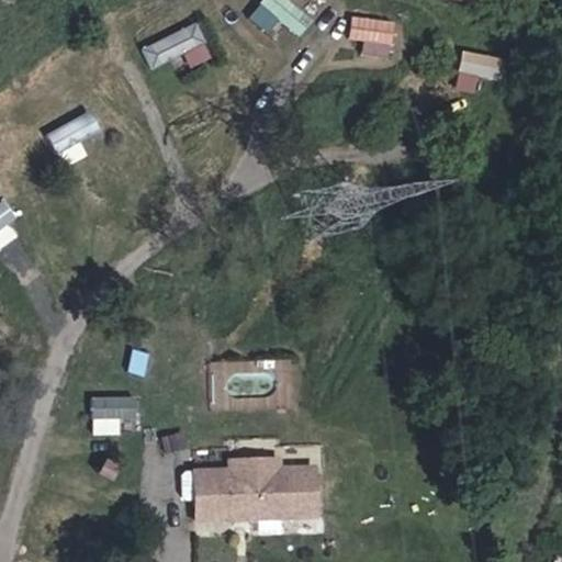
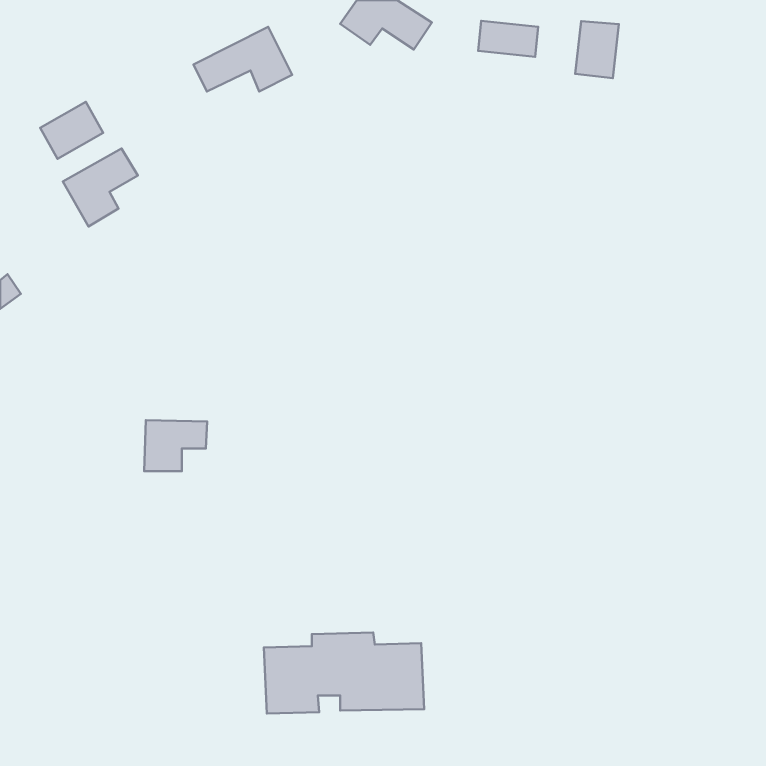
building: [457,50,488,92] -> [575,21,619,78]
building: none -> [40,102,103,159]
building: [91,395,137,432] -> [144,420,207,471]

